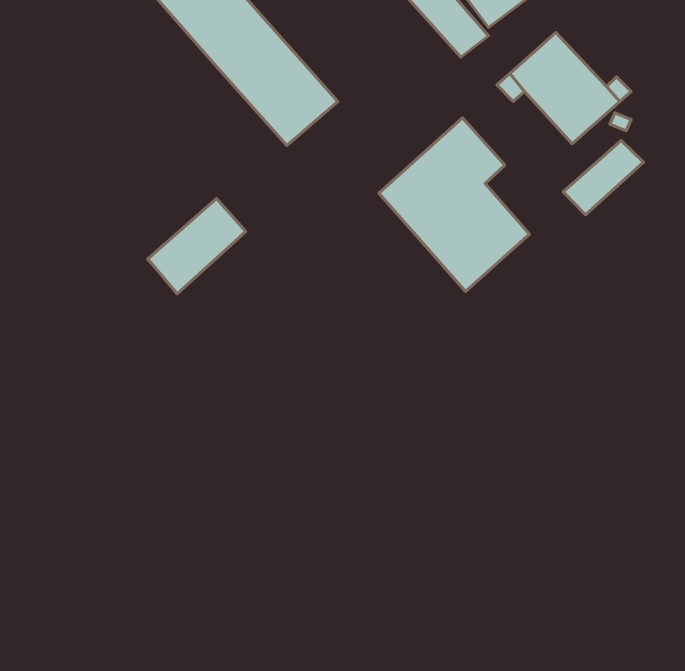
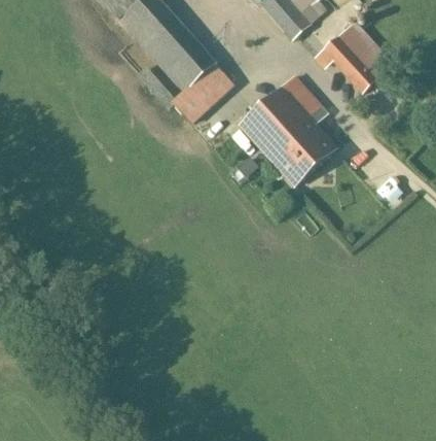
building: [563,141,644,215] -> none
building: [148,199,246,294] -> [172,66,233,126]

